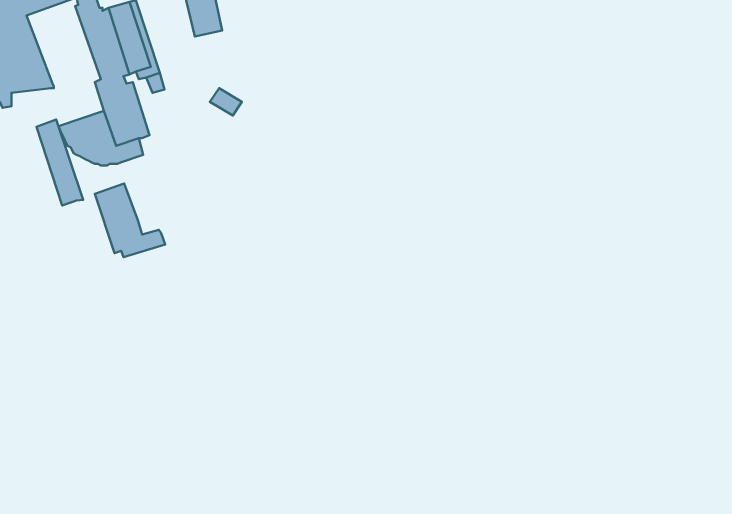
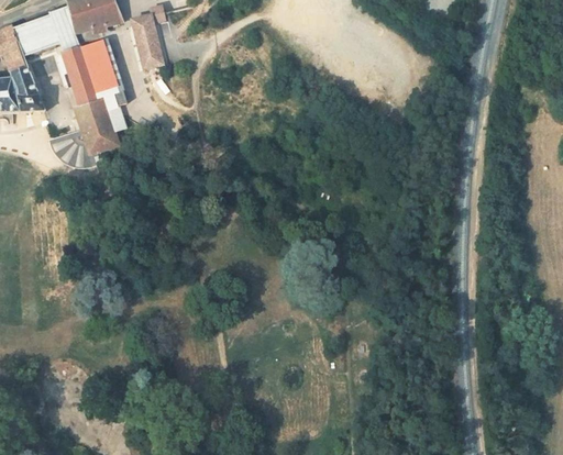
building: [37,120,83,206] -> none
building: [95,184,165,257] -> none

